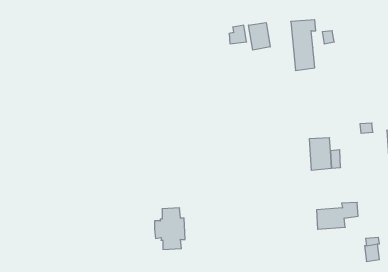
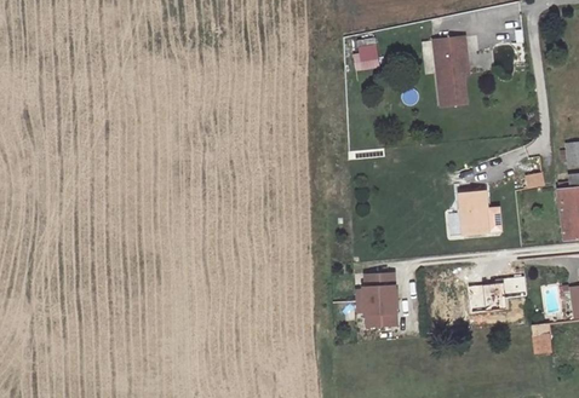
building: [249,23,270,50] -> none
building: [155,208,185,249] -> [357,272,397,327]

